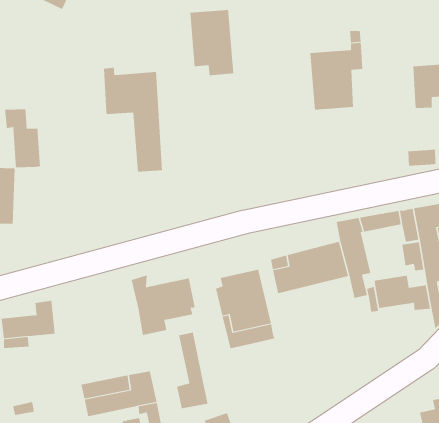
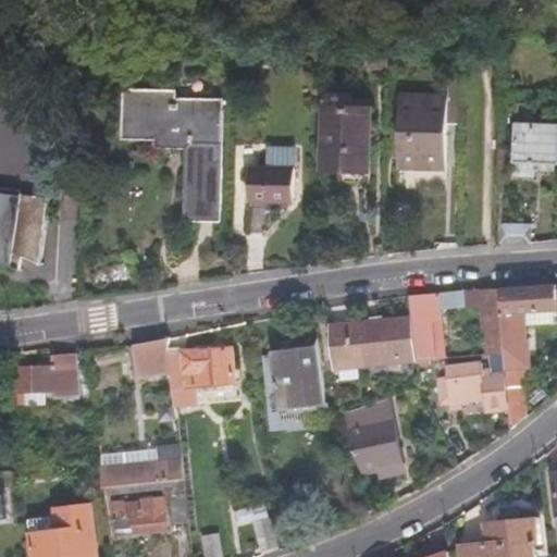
building: [189,9,234,76] -> [319,107,366,182]
building: none -> [125,91,159,136]
building: [4,109,40,168] -> none
building: none -> [246,166,292,198]
building: none -> [133,338,171,376]
building: none -> [338,399,400,470]
building: [176,332,208,409] -> none

